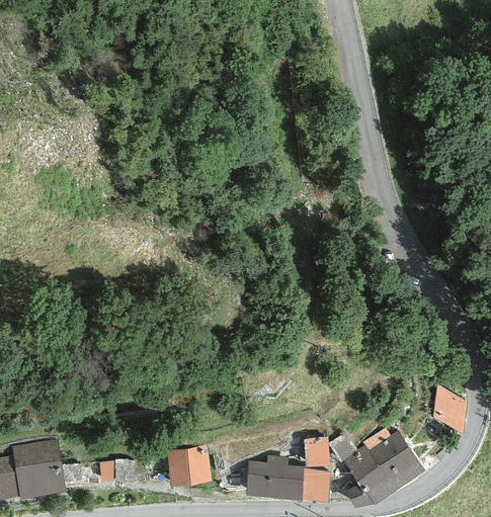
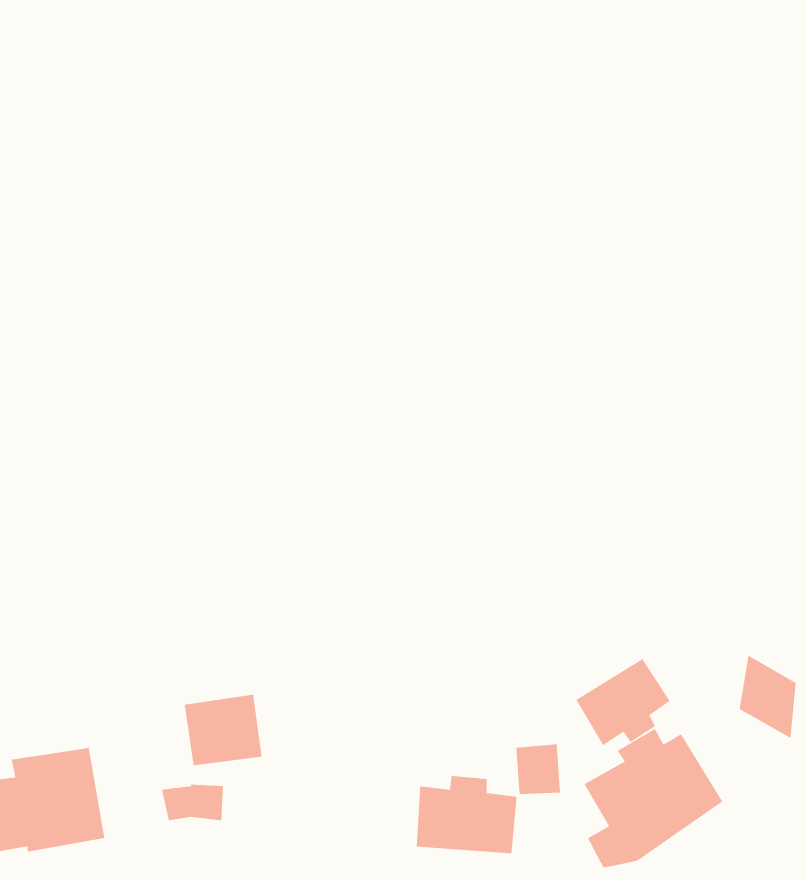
building: none -> [575,658,670,746]
building: [166,444,212,486] -> [184,694,263,766]
building: [302,468,330,502] -> none

